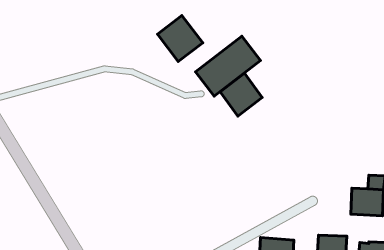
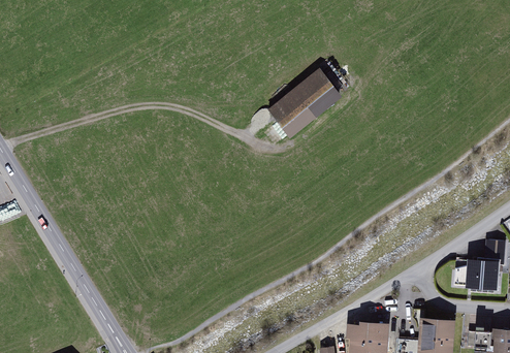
building: [157,16,203,61] -> none
building: [220,73,262,116] -> none

